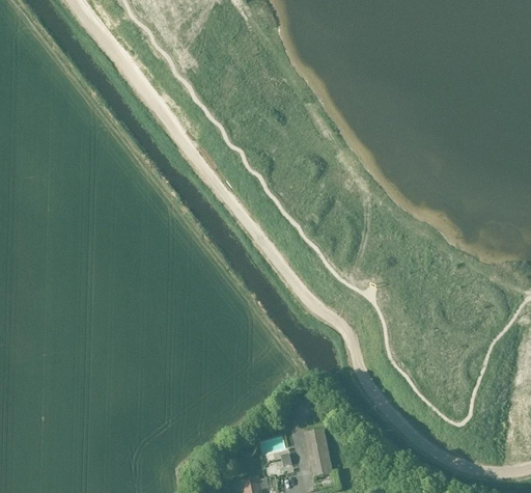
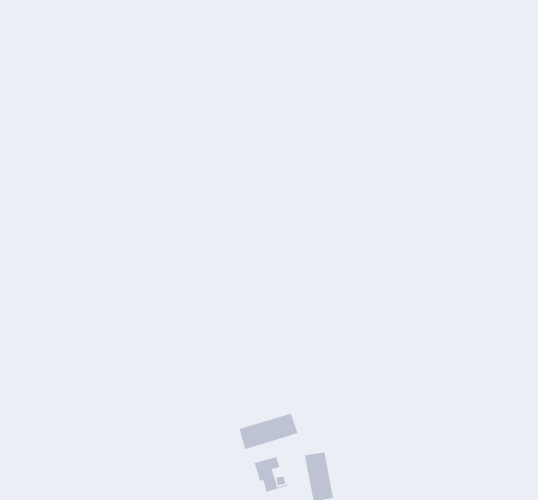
building: none -> [239,413,298,450]

